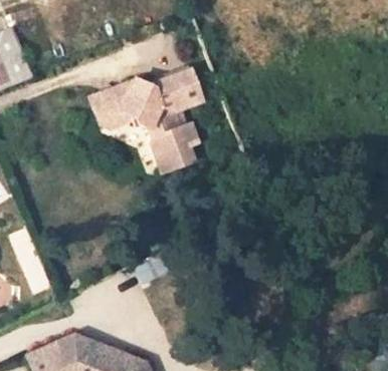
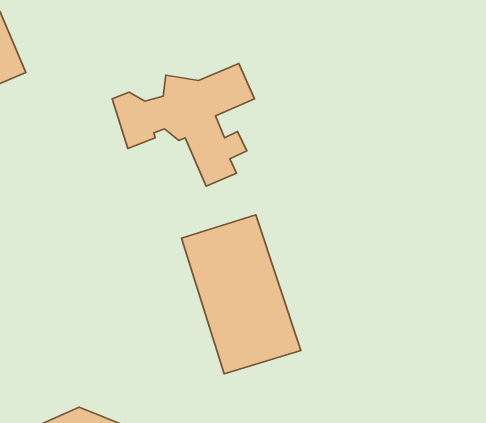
building: none -> [181,215,301,374]

